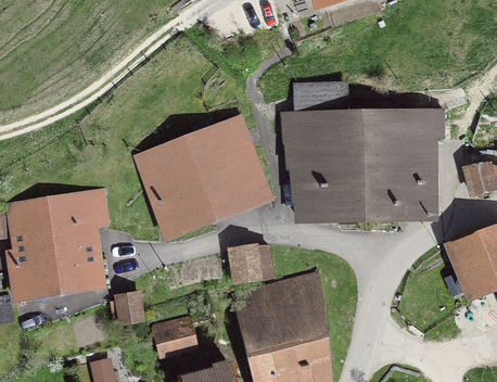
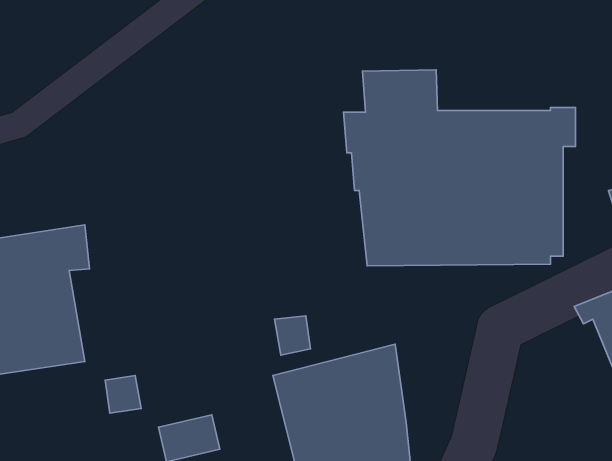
building: [137,118,269,238] -> none

